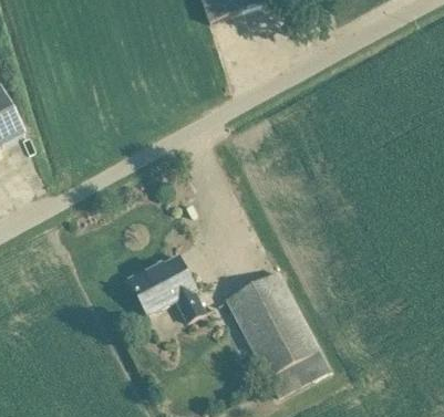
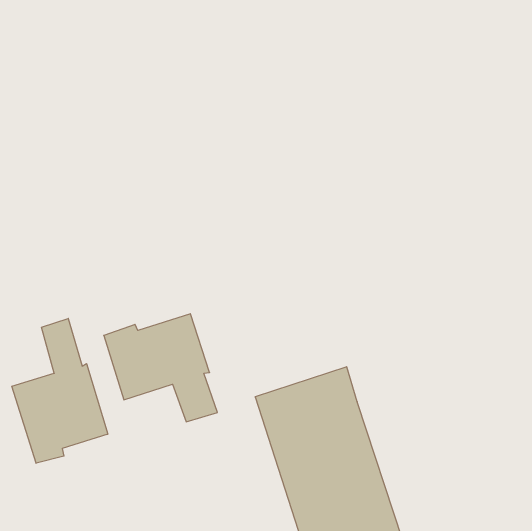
building: none -> [12,318,108,463]

